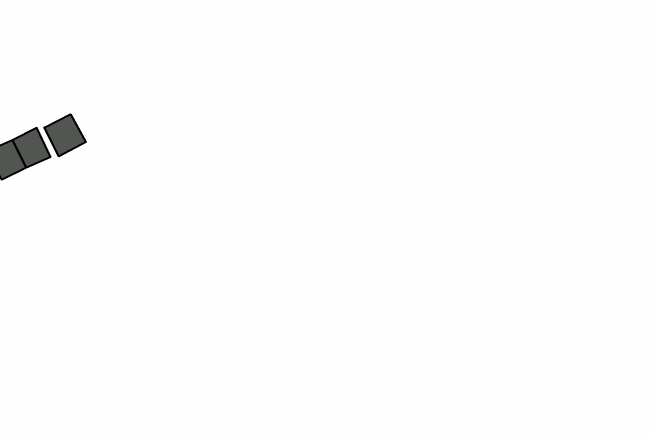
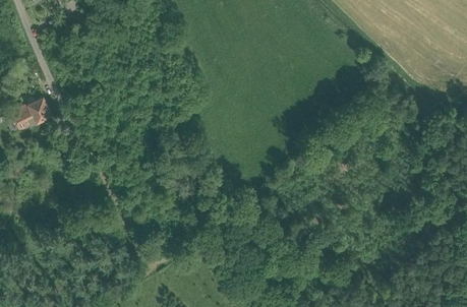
building: [44,114,86,156] -> none

